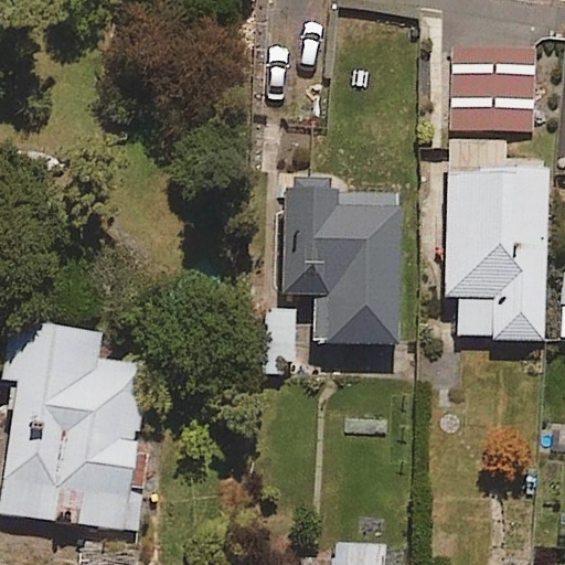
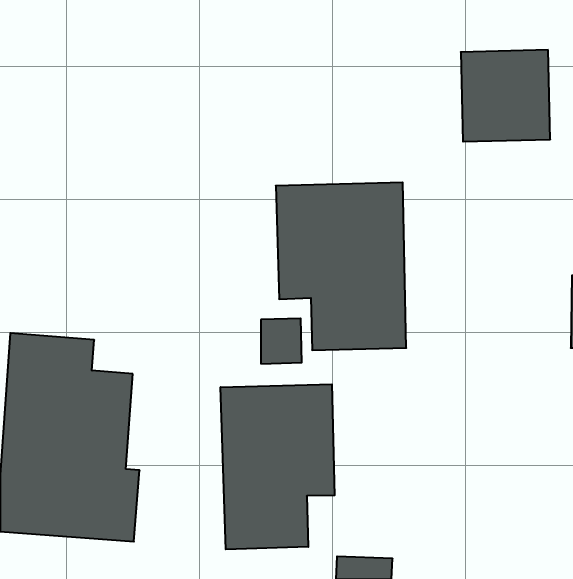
building: [448,146,543,340] -> none
building: none -> [221,384,335,549]

